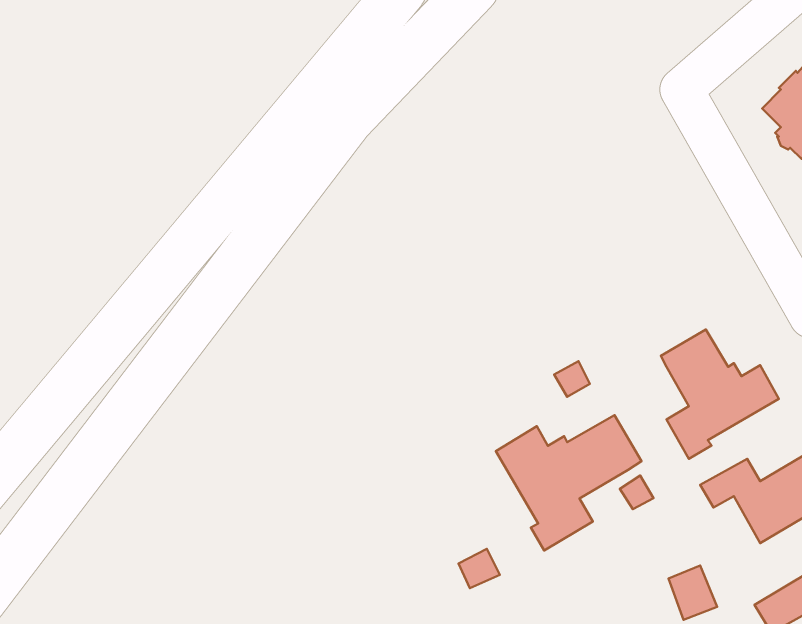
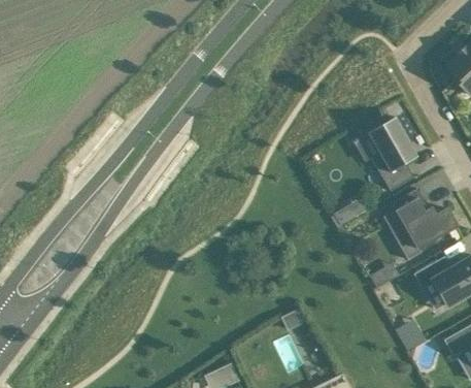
building: none -> [367,117,417,191]
building: [496,415,641,550] -> none

